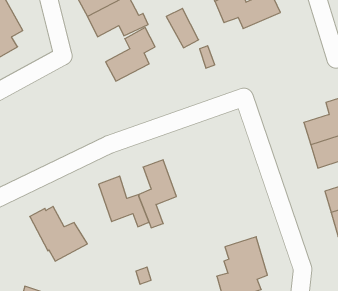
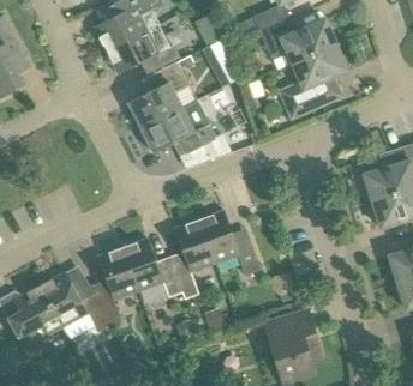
building: none -> [276,43,347,119]
building: none -> [140,104,216,152]
building: none -> [197,210,259,275]
building: none -> [91,247,136,322]
building: none -> [11,285,60,351]

